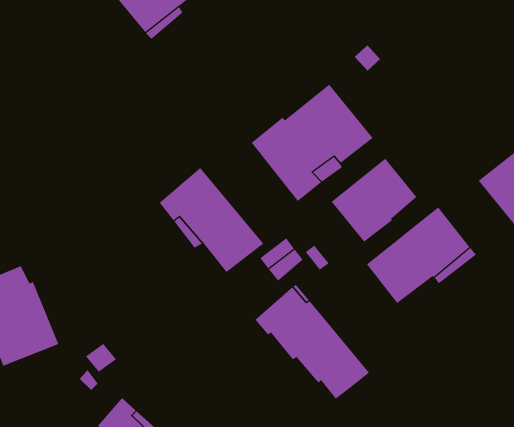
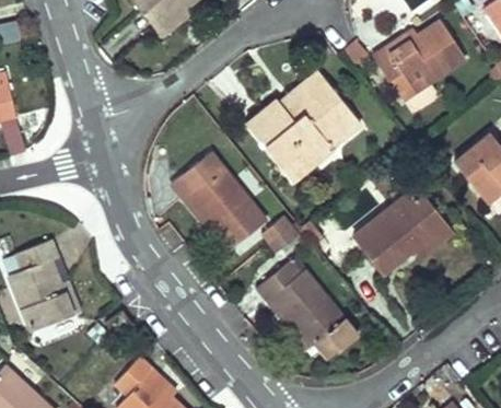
building: none -> [374,23,464,100]
building: [331,158,417,242] -> none

